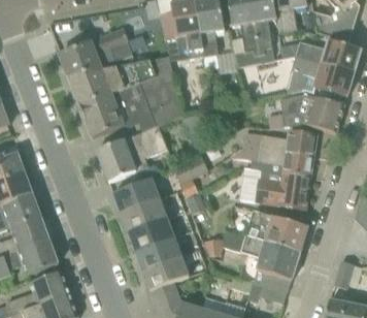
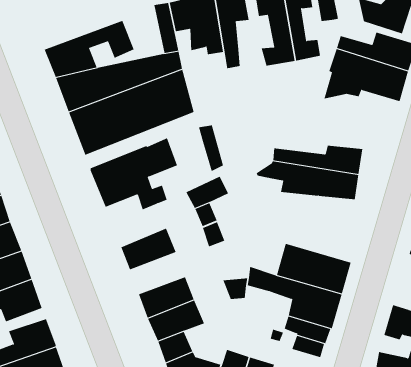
building: [268,94,344,132] -> none
building: [240,168,310,209] -> none
building: [112,179,158,214] -> none
building: [128,218,173,252] -> none

